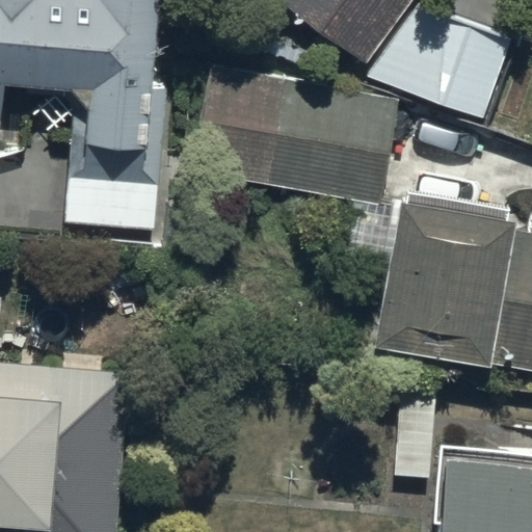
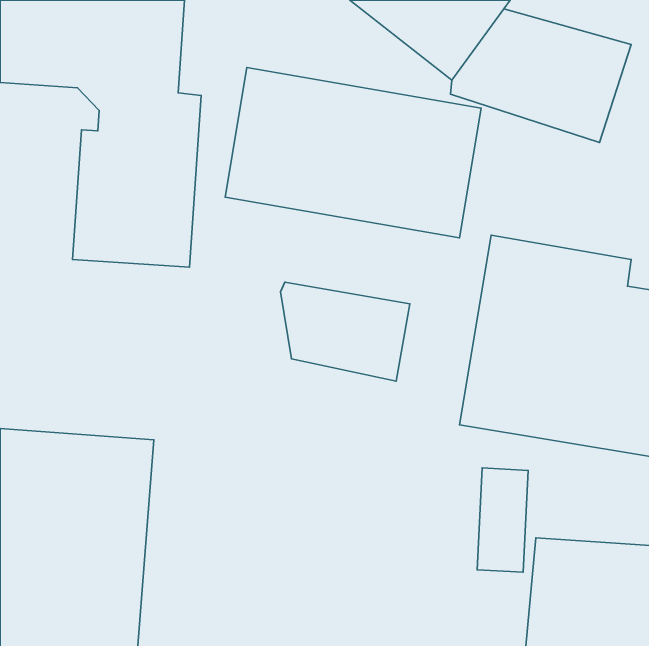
building: none -> [281,282,410,381]

